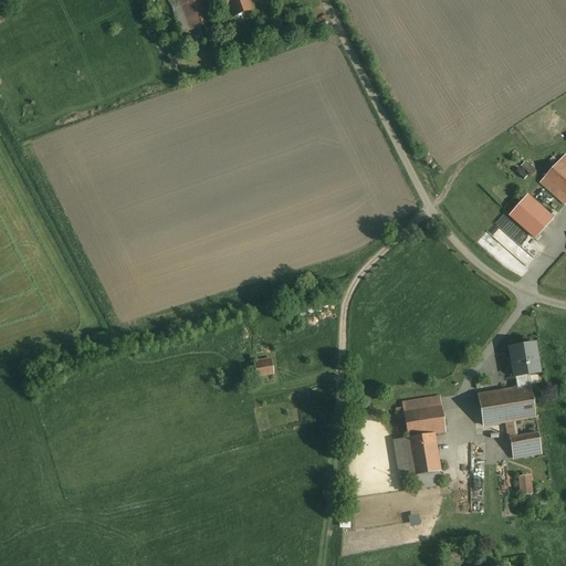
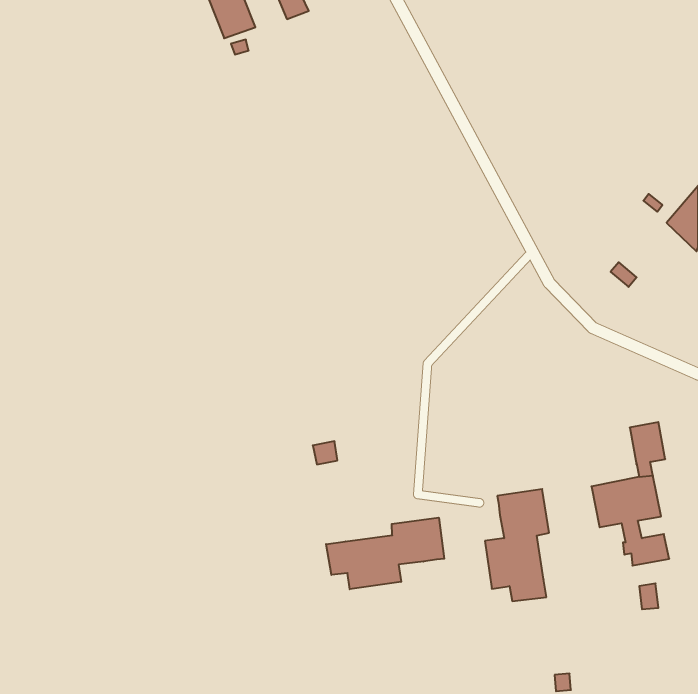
building: [511,192,555,237] -> none
building: none -> [326,518,444,589]

